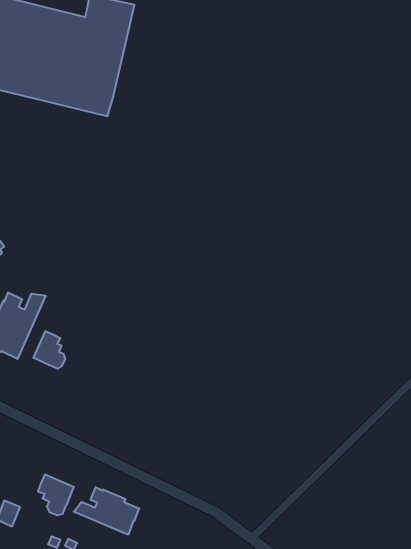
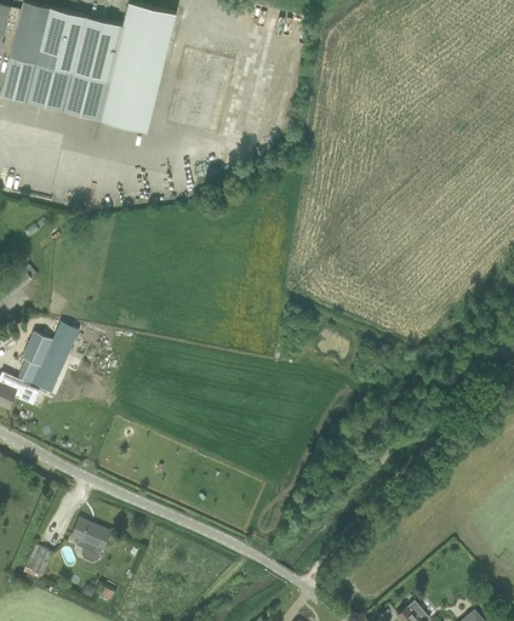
building: [34,331,65,369] -> none
building: [74,487,139,535] -> none

